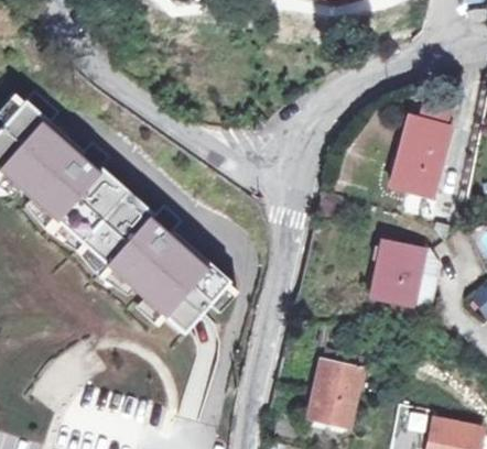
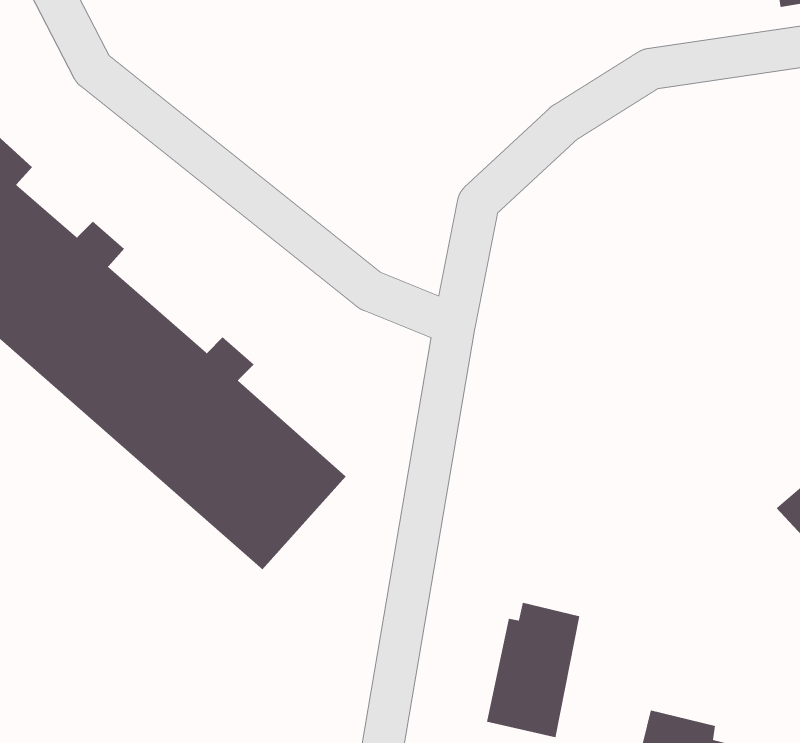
building: [391,102,447,198] -> none
building: [369,243,423,308] -> none

